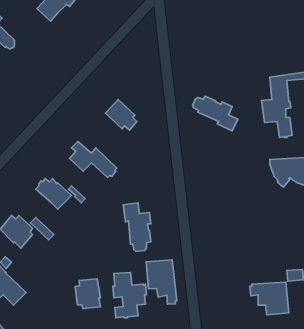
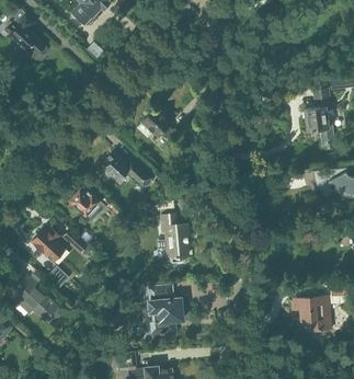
building: [192,96,238,131] -> none
building: [146,260,177,304] -> none
building: [75,279,100,308] -> none

